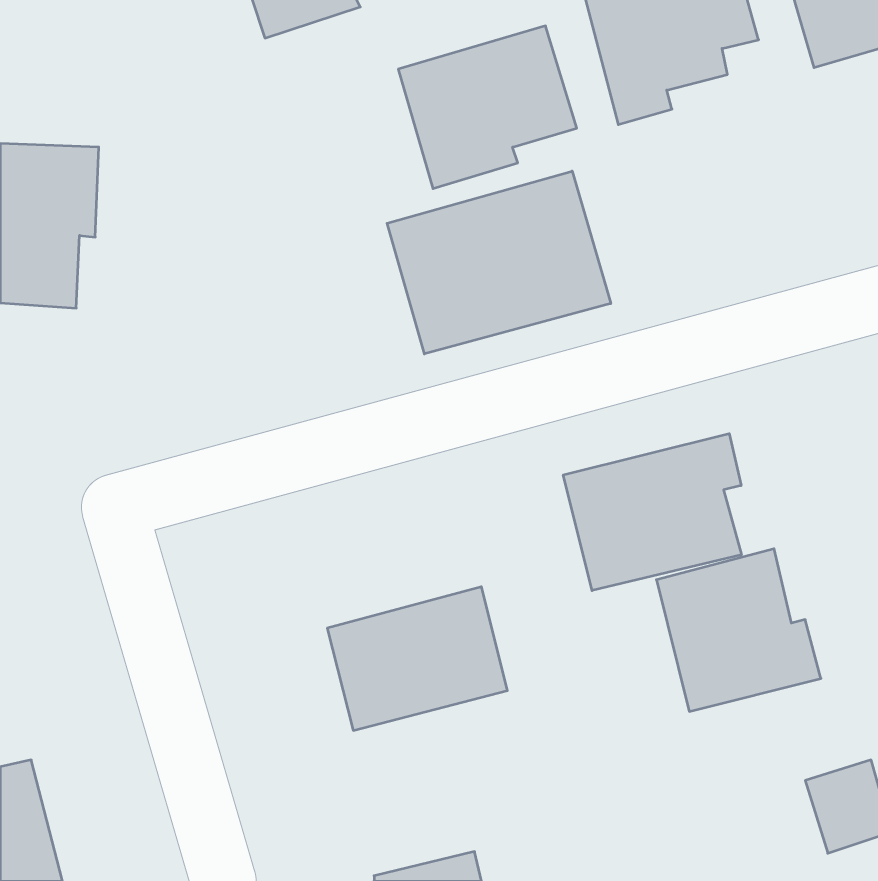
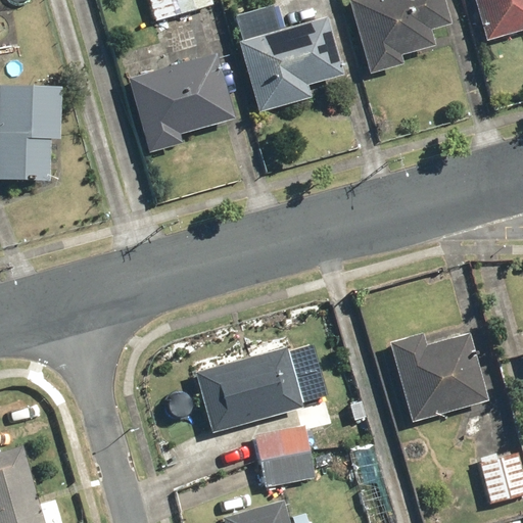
building: none -> [128,54,233,151]
building: [387,171,611,354] -> none
building: [563,434,741,591] -> none
building: none -> [256,426,316,487]

